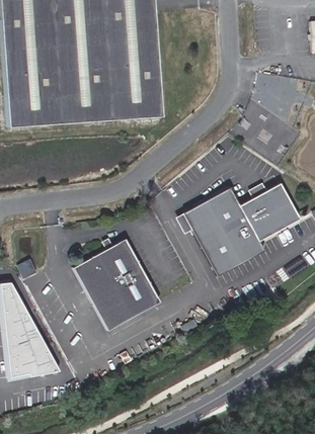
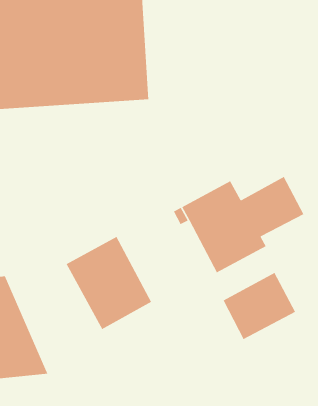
building: none -> [222,272,296,340]

